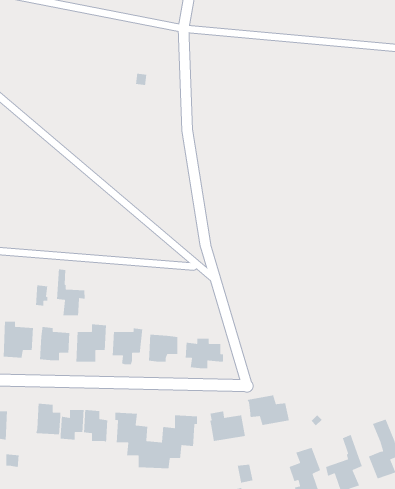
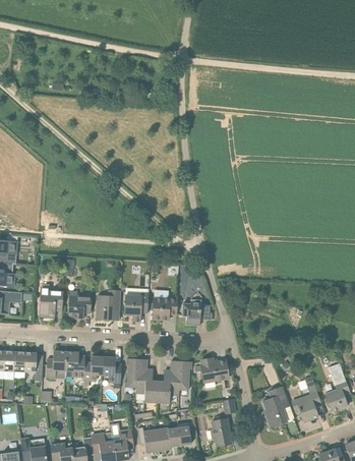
building: [56,268,86,316] -> none
building: [246,395,290,426] -> none
building: none -> [46,351,66,378]

